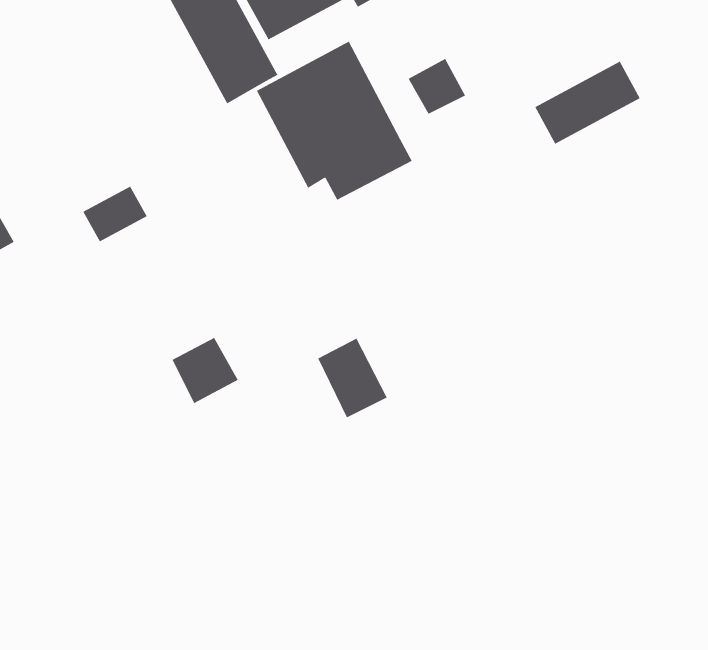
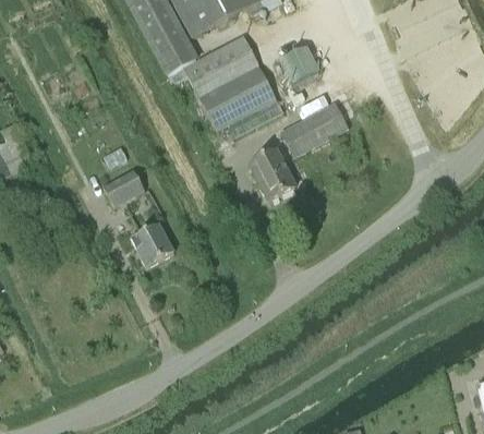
building: [534,60,641,145] -> [280,101,348,155]
building: [82,186,148,242] -> [104,169,145,205]
building: [317,338,388,419] -> [251,148,295,200]

